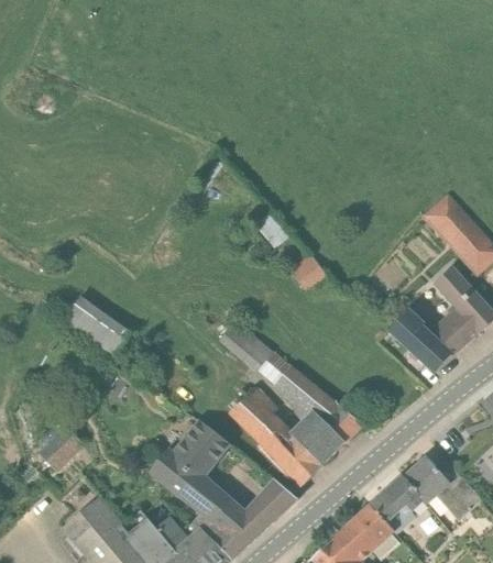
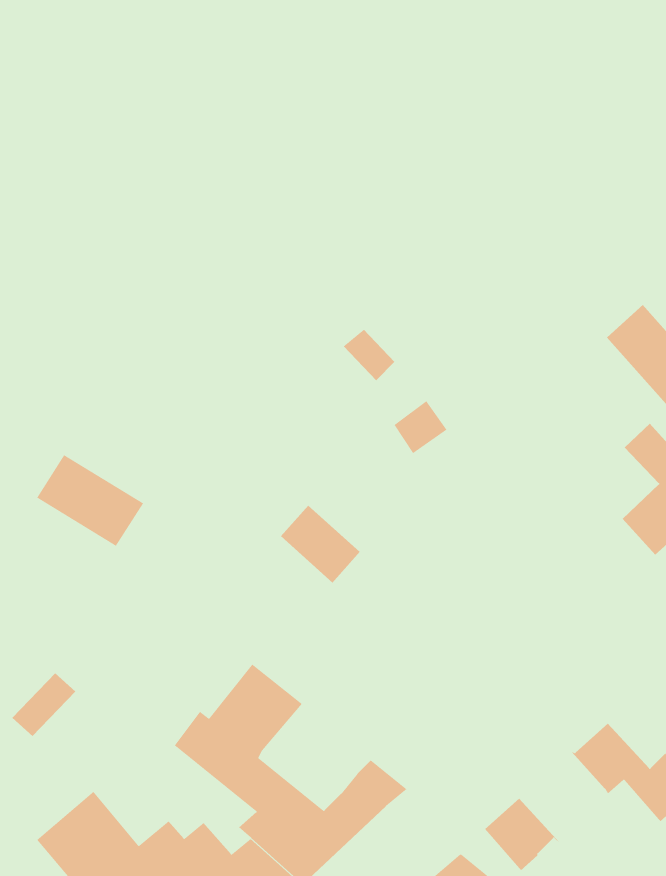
building: [388,309,451,372] -> none
building: [230,352,360,484] -> none
building: [369,476,423,533] -> none

